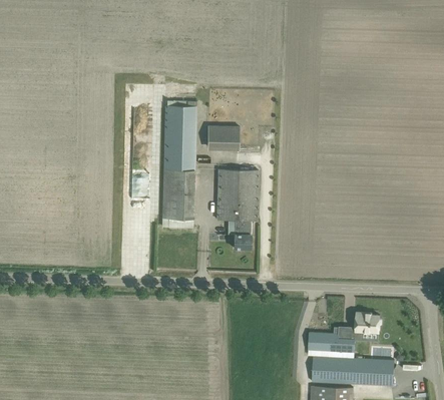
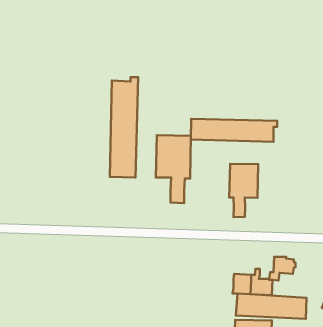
building: [206,124,239,150] -> none
building: none -> [191,119,277,142]
building: none -> [229,164,258,217]

